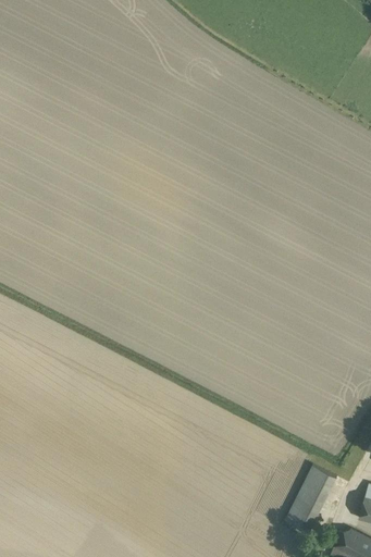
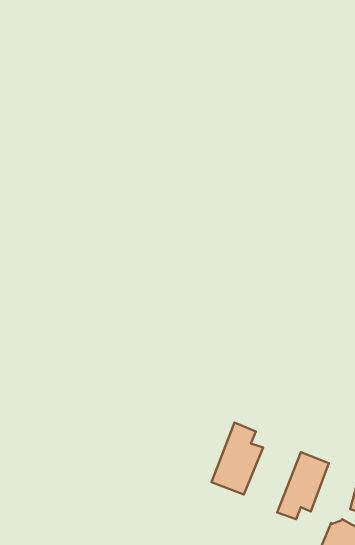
building: none -> [211,422,263,494]

